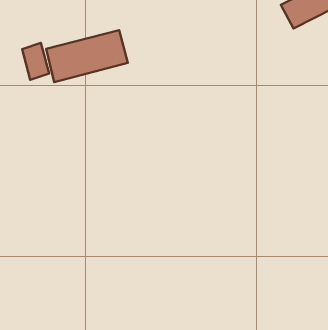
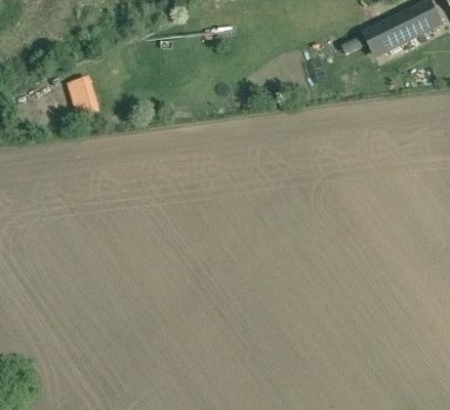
building: [46,30,128,82] -> none

